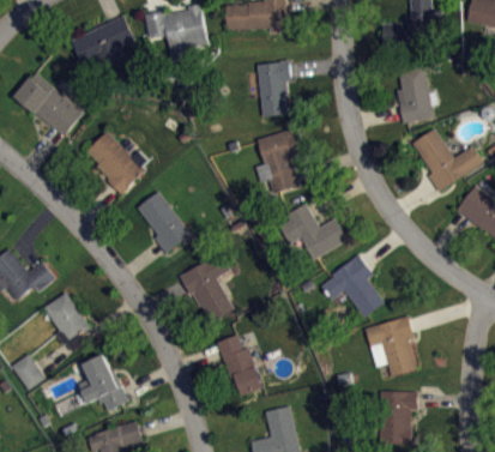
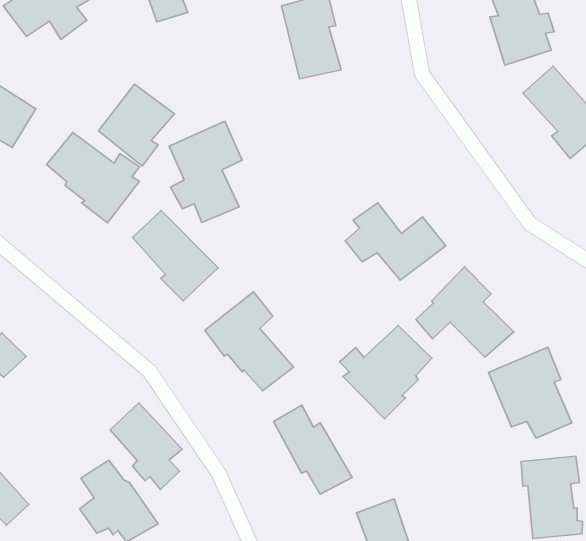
building: none -> [98,84,174,166]
building: [254,127,304,193] -> [169,121,242,222]
building: none -> [339,326,432,419]
building: [43,293,90,352] -> [110,403,182,490]

